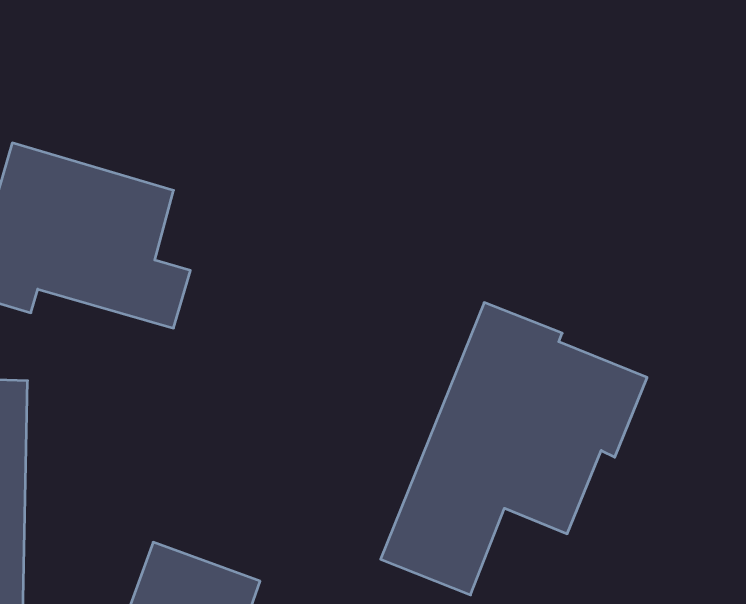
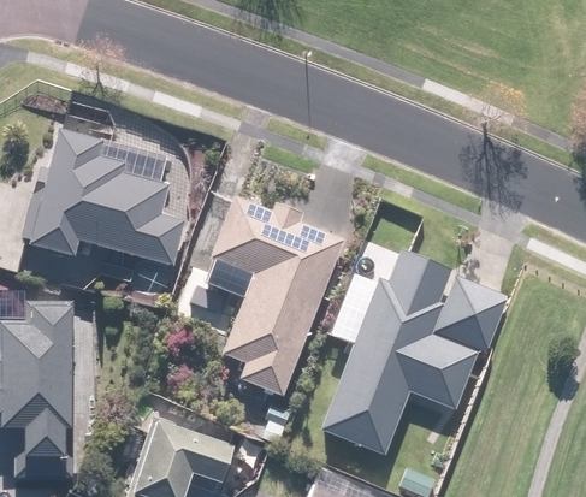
building: none -> [201,199,343,396]

